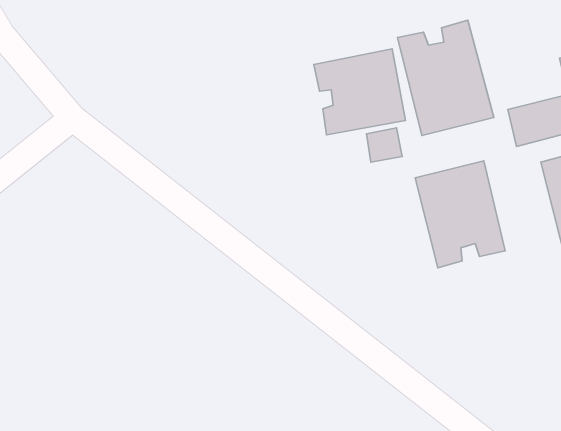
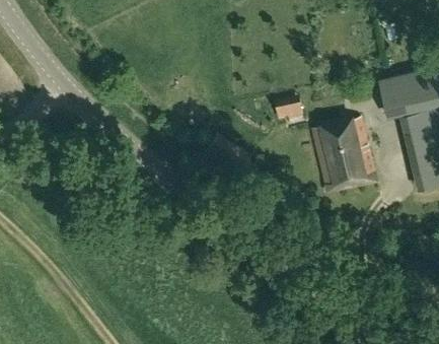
building: [397,20,494,136] -> none
building: [314,49,406,135] -> none

